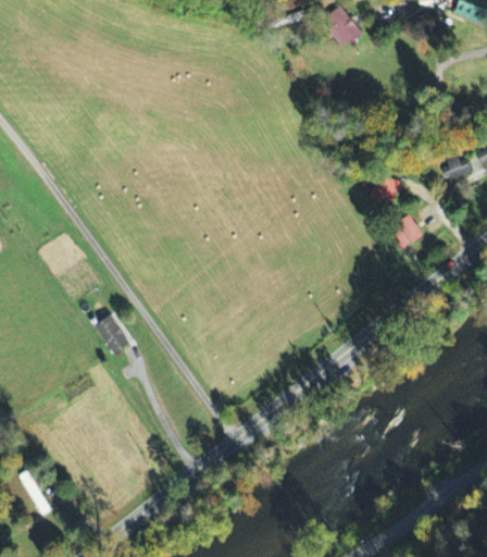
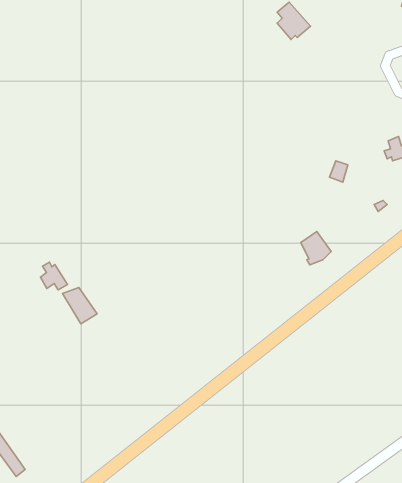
building: [394,213,426,249] -> [301,231,331,265]
building: none -> [41,262,68,290]

